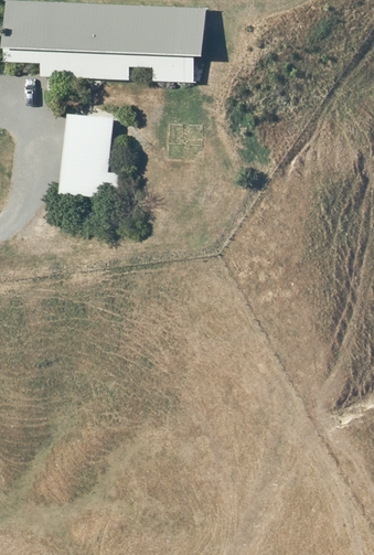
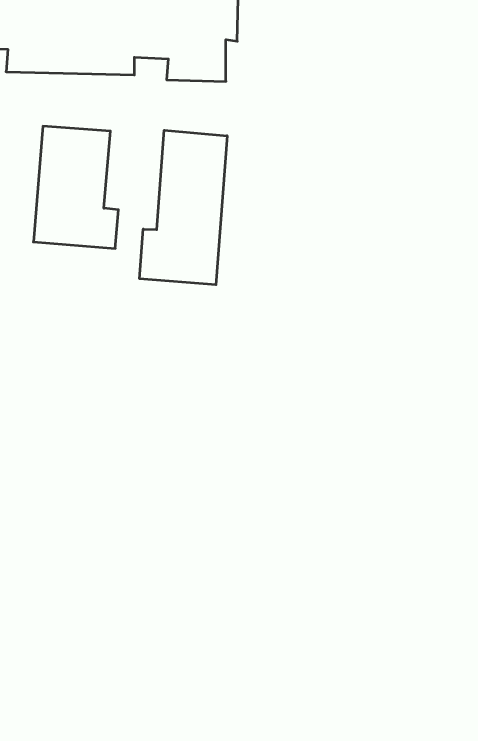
building: none -> [140,130,227,285]

